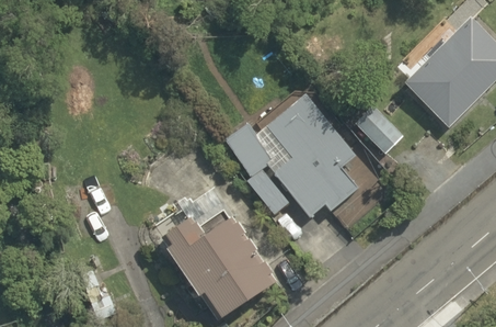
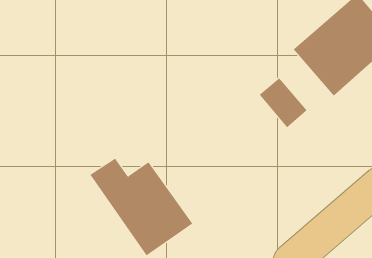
building: [227,83,359,216] -> none

